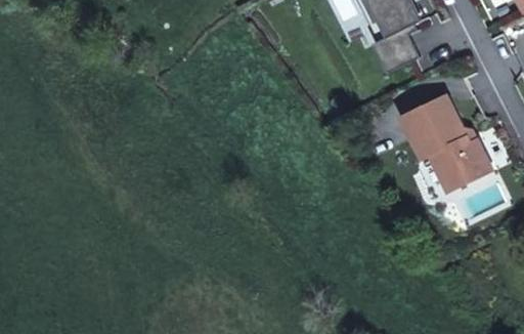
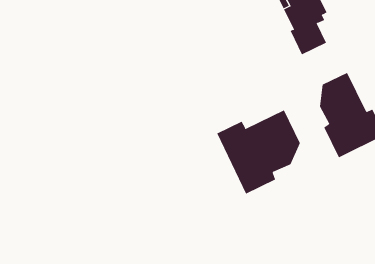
building: none -> [217,110,300,195]

